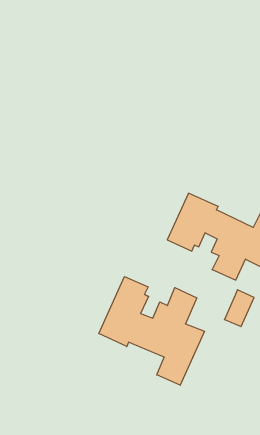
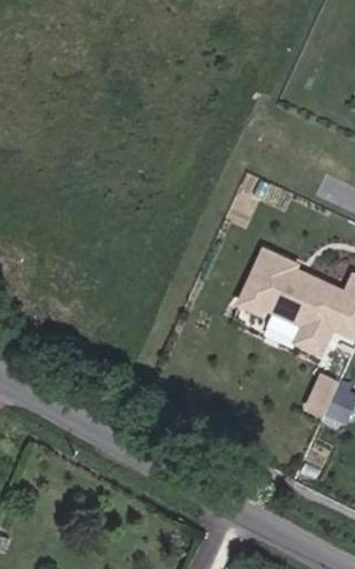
building: [99,277,204,385] -> none

